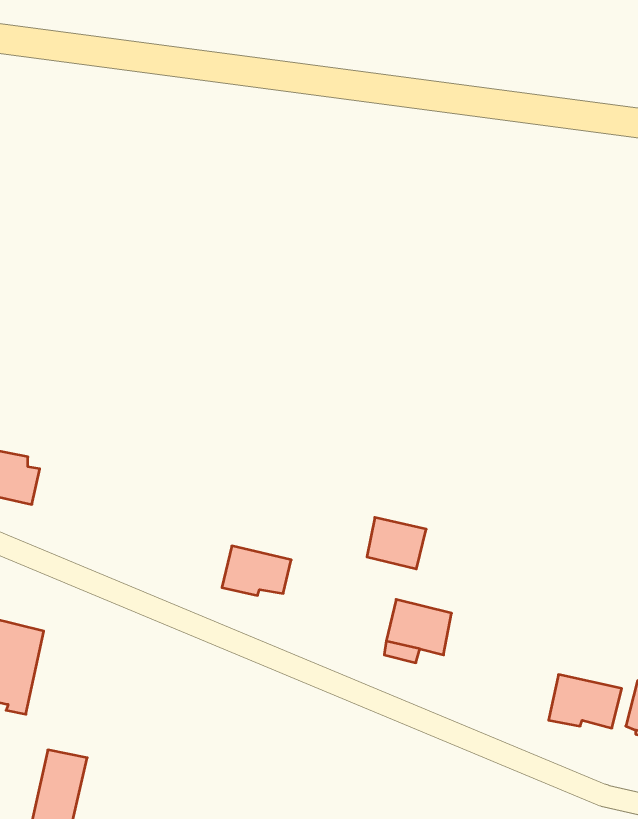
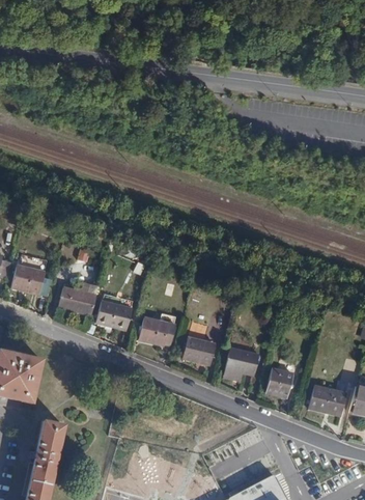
building: none -> [57,281,96,313]
building: none -> [94,300,131,330]
building: [367,517,426,569] -> [182,335,214,362]
building: none -> [264,367,291,396]

